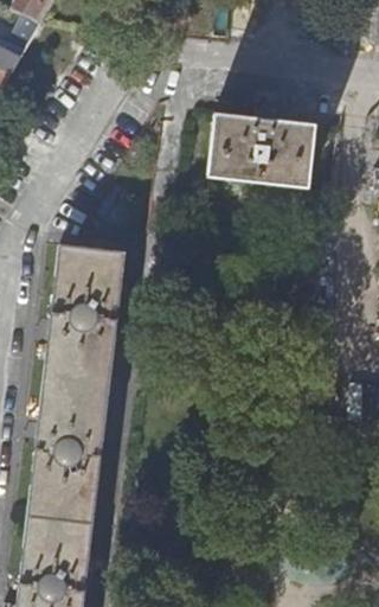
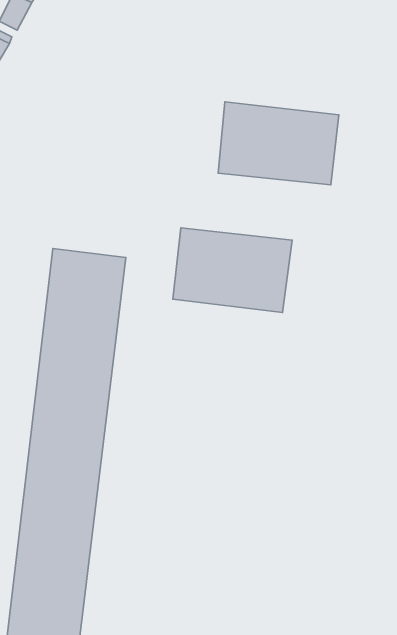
building: none -> [173,228,292,313]

